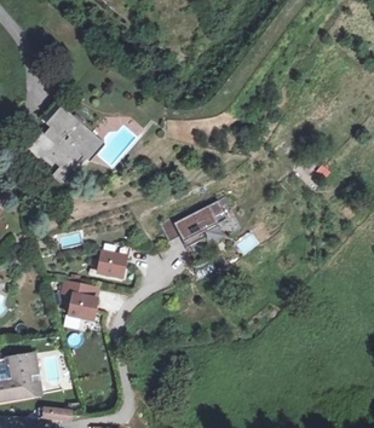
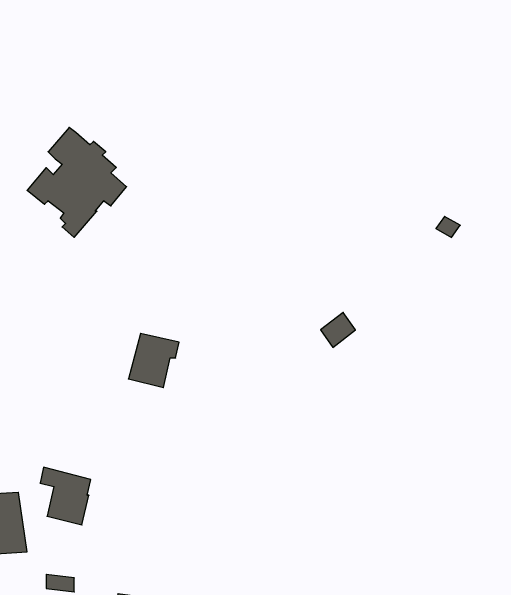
building: [161,197,229,247] -> none
building: [64,283,99,323] -> [40,467,91,525]

